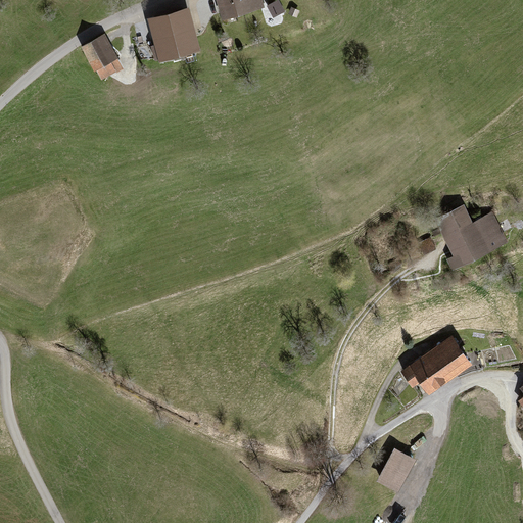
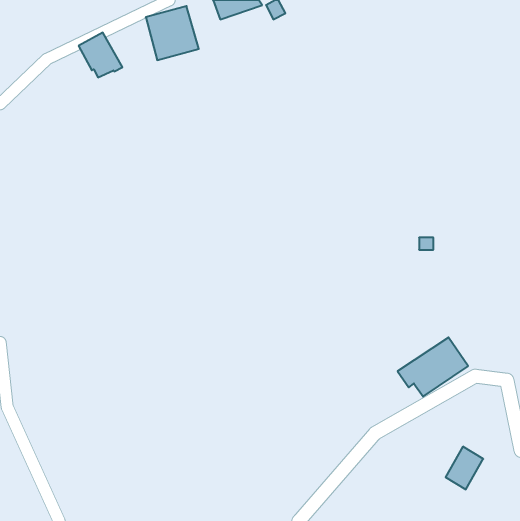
building: [433,204,508,272] -> none
building: [377,448,415,491] -> [446,447,483,489]

